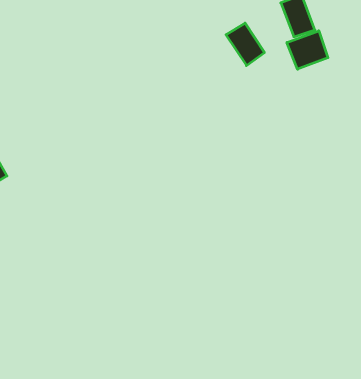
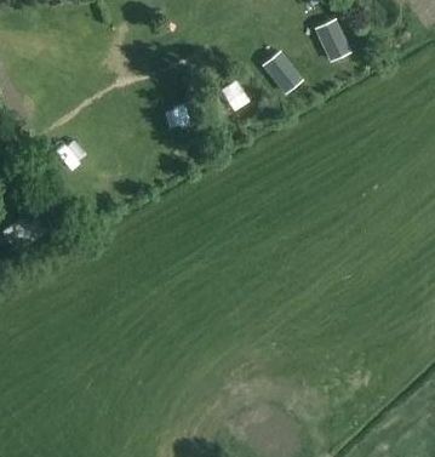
building: [287,31,328,69] -> none

